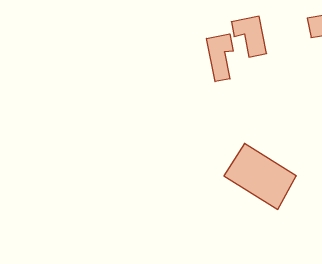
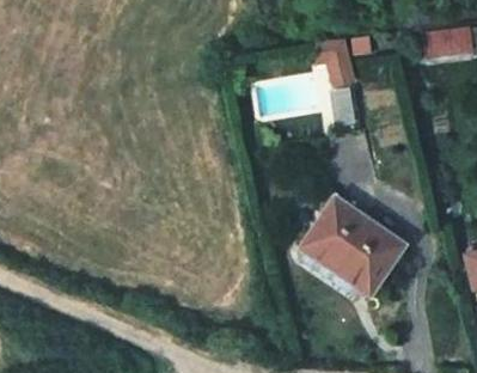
building: [207,34,233,82] -> none

